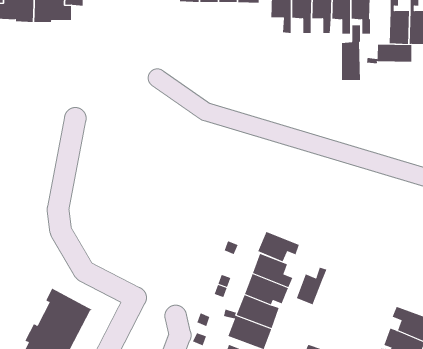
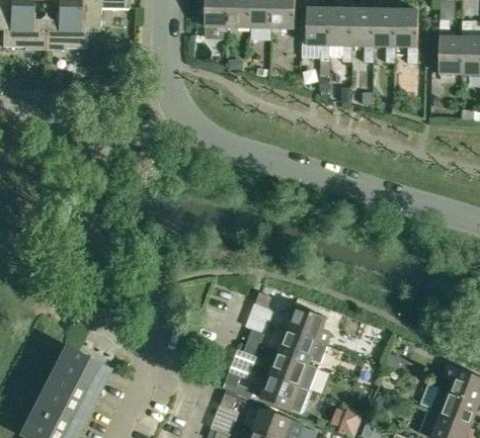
building: [342,24,360,81] -> none
building: [366,44,412,64] -> none
building: [257,231,300,262] -> none
building: [296,267,327,305] -> none

